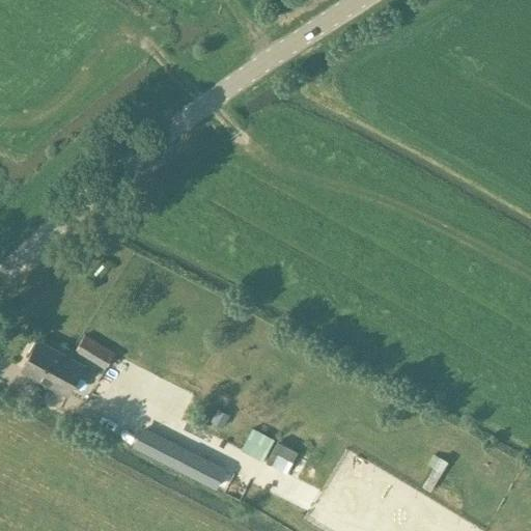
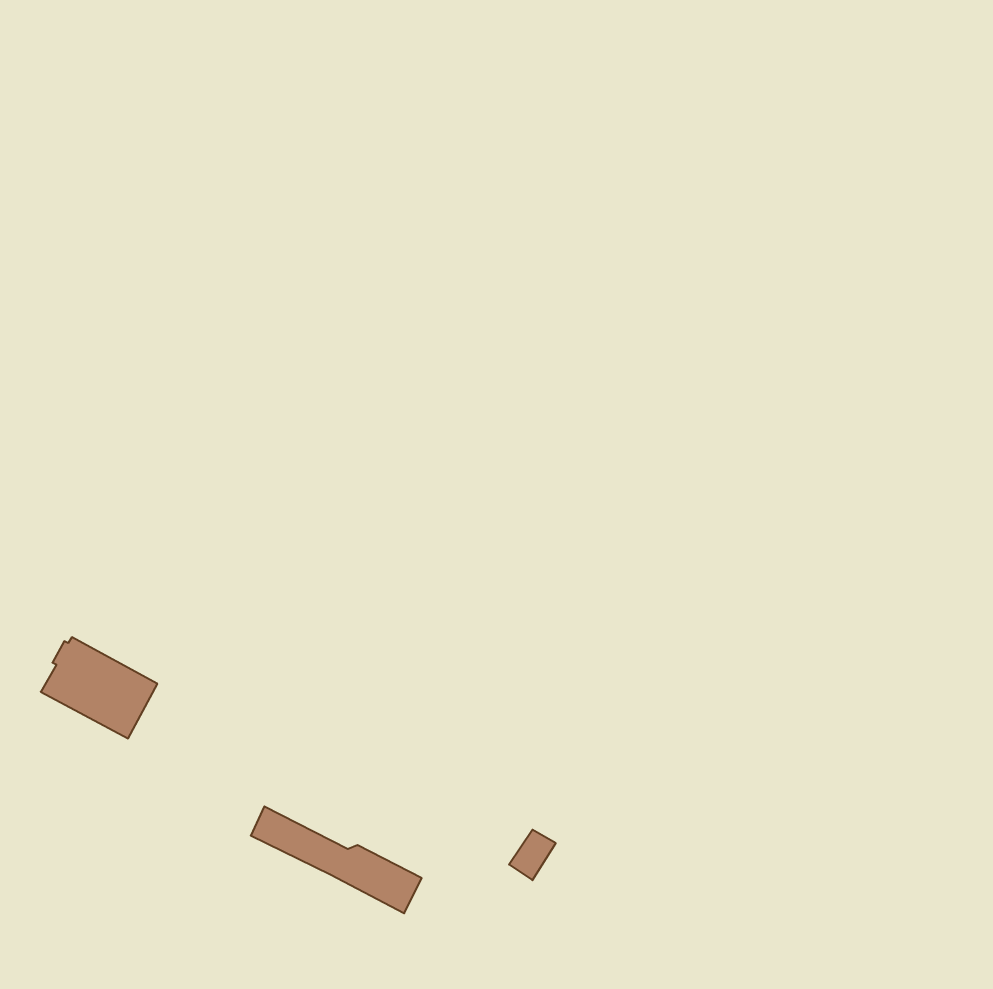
building: [75,337,114,370] -> none
building: [243,428,275,460] -> none

